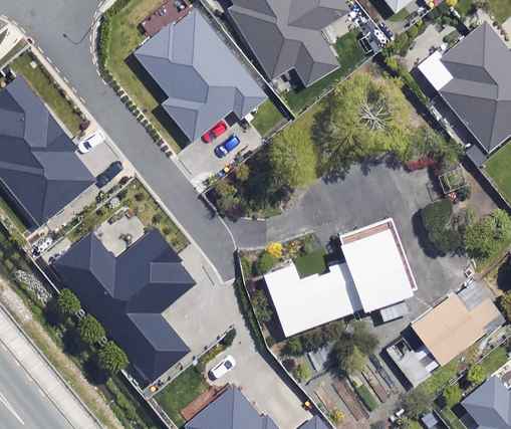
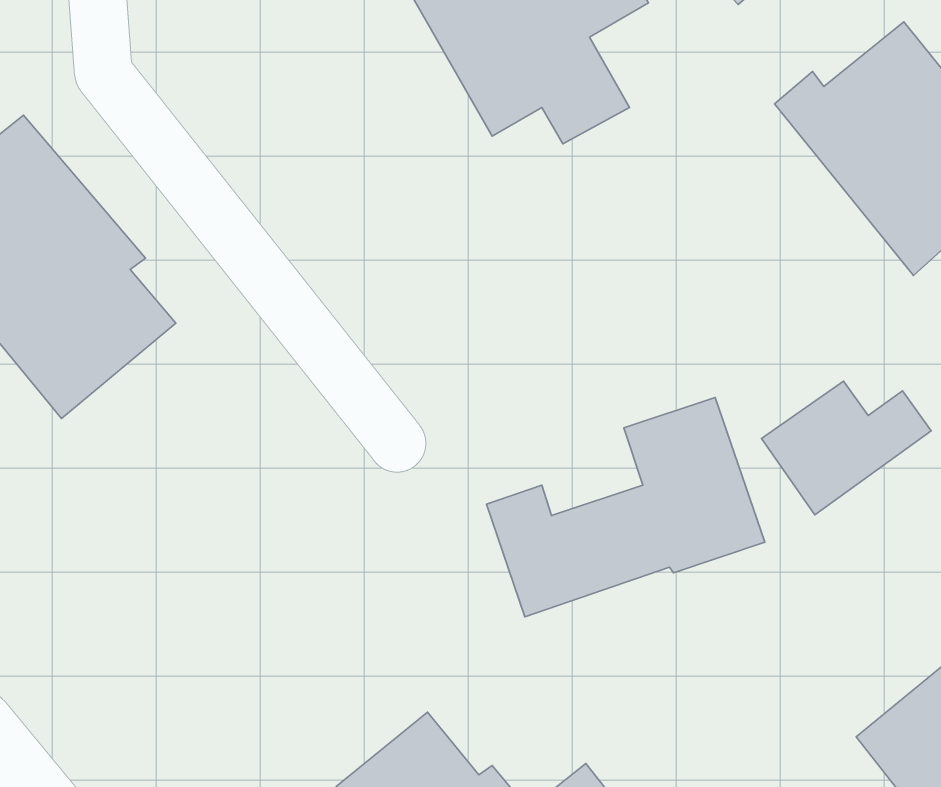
building: [142,15,259,132] -> none
building: [53,225,199,385] -> none
building: [411,293,500,364] -> [761,381,931,515]

